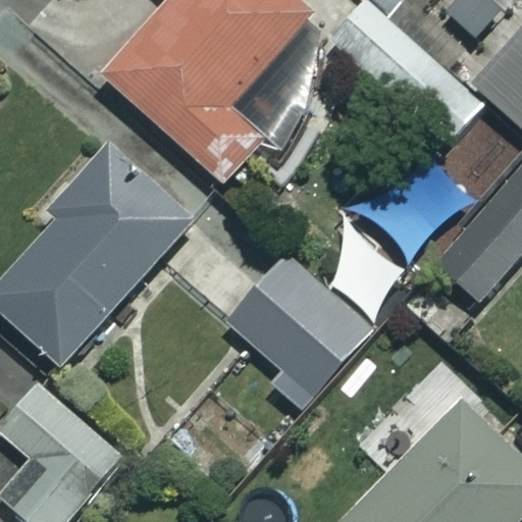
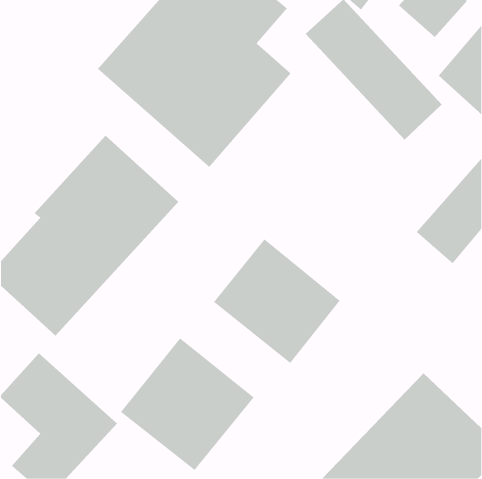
building: none -> [120,338,254,471]

